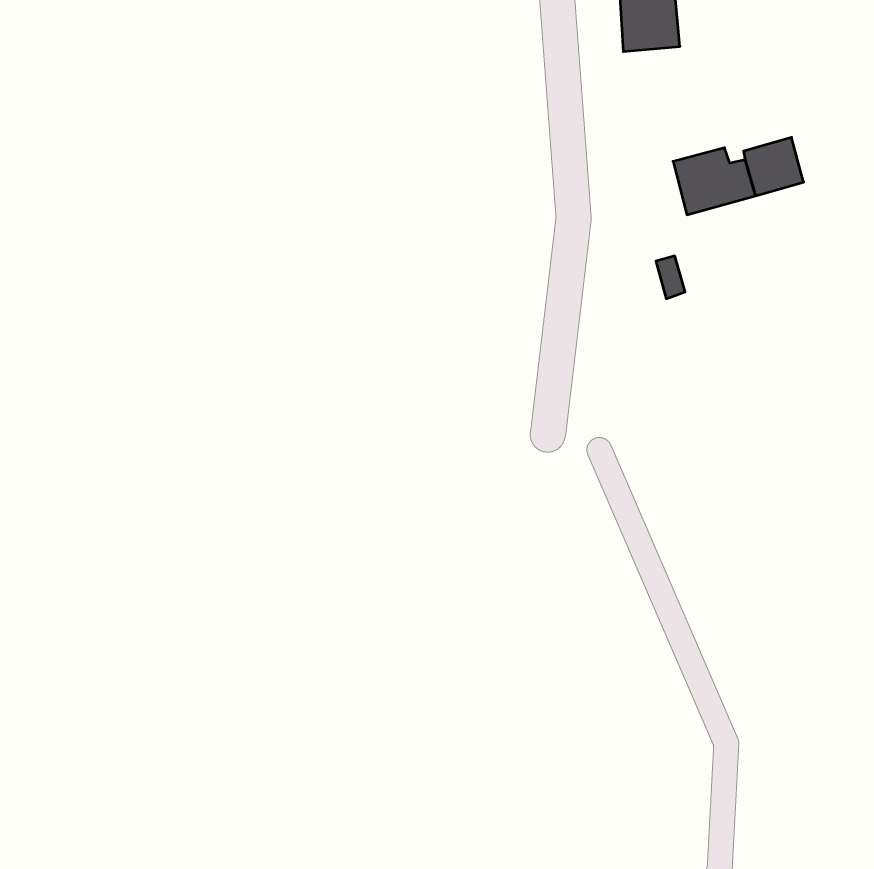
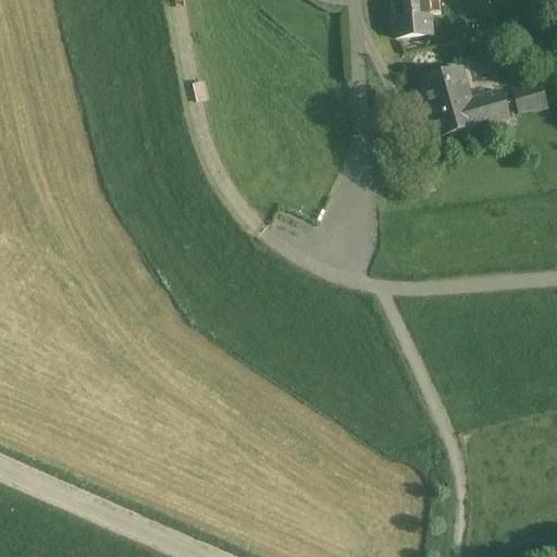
building: none -> [421,62,474,103]
building: none -> [515,81,547,109]

